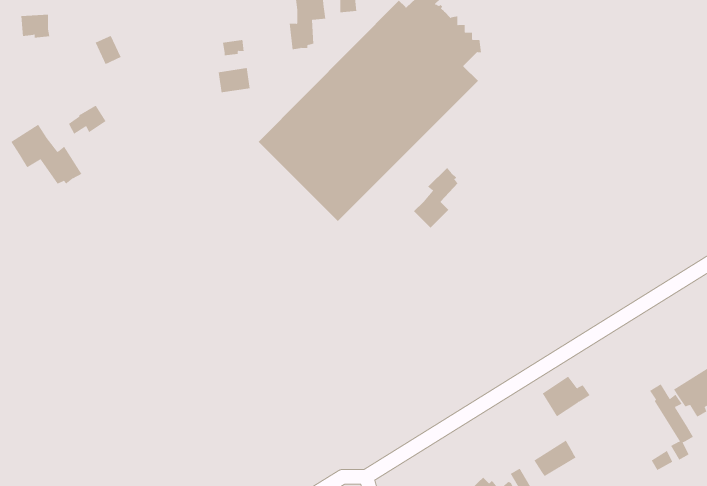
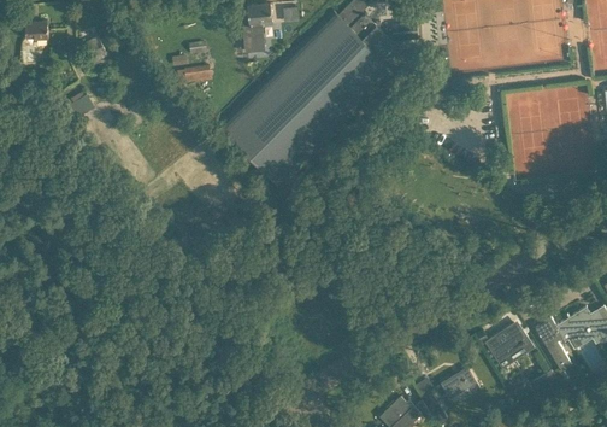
building: [11,124,82,185] -> none
building: [413,167,458,228] -> none
building: [542,376,591,417] -> [488,328,528,362]

